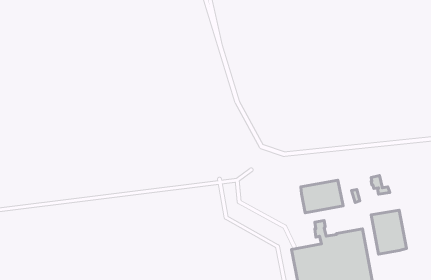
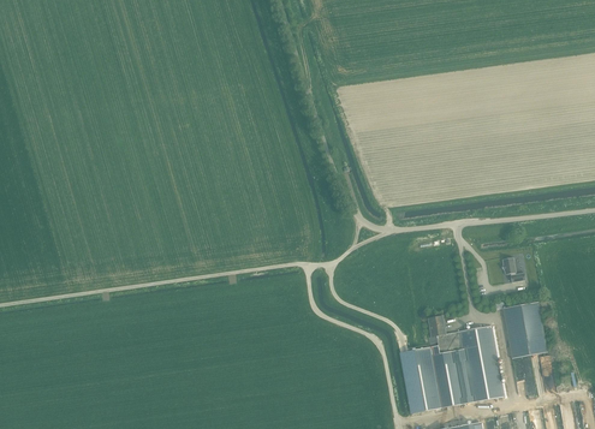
building: [301,180,343,213] -> none

